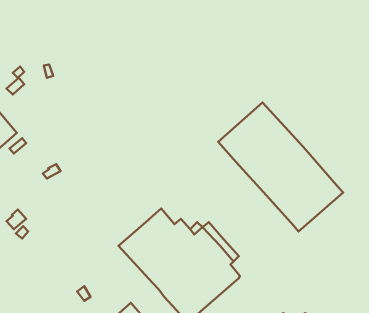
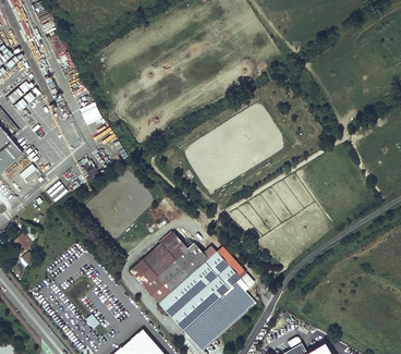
building: [218,103,343,232] -> none

